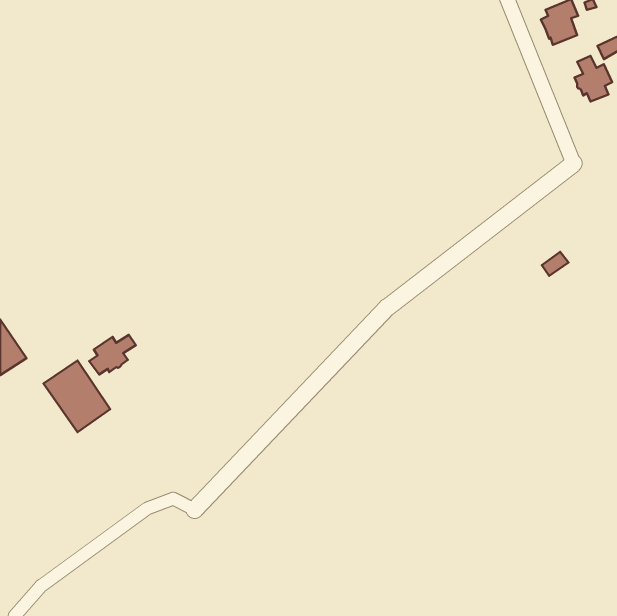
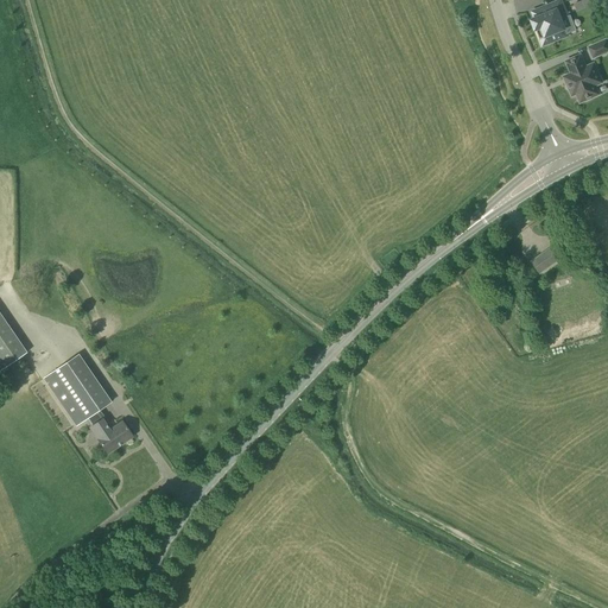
building: [89,335,136,375] -> none
building: none -> [90,416,132,451]

